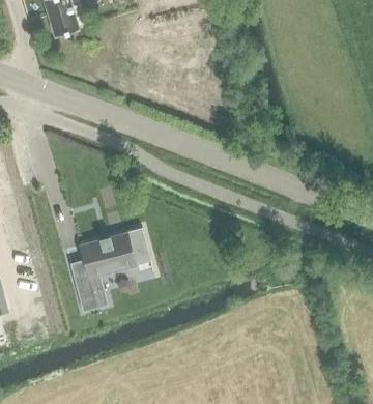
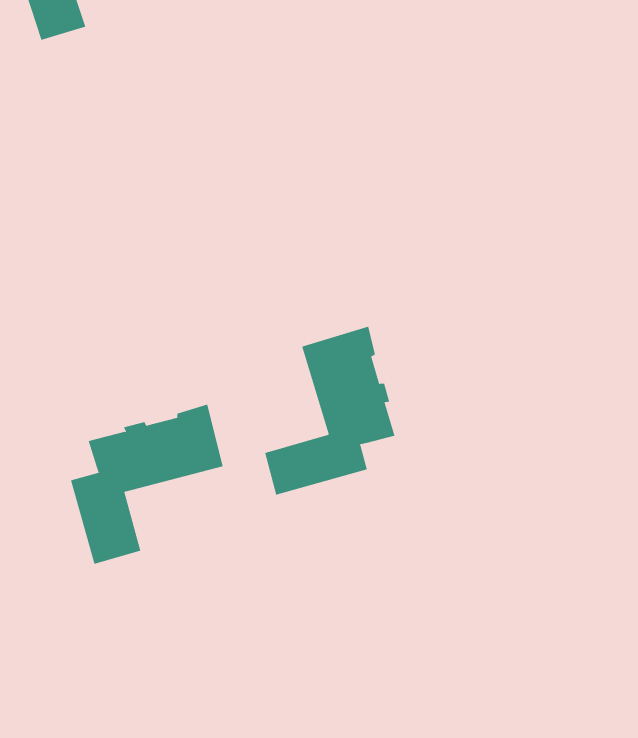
building: none -> [265,326,395,496]

